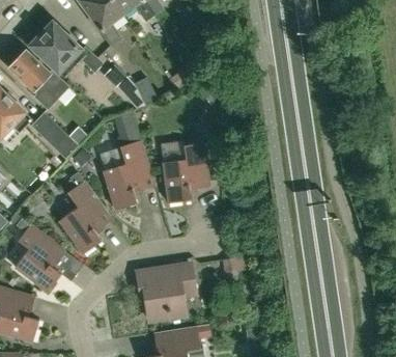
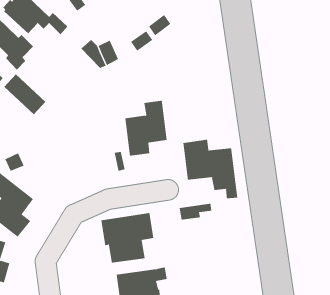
building: [103,110,154,209] -> none
building: [59,170,112,252] -> none
building: none -> [183,139,238,199]

